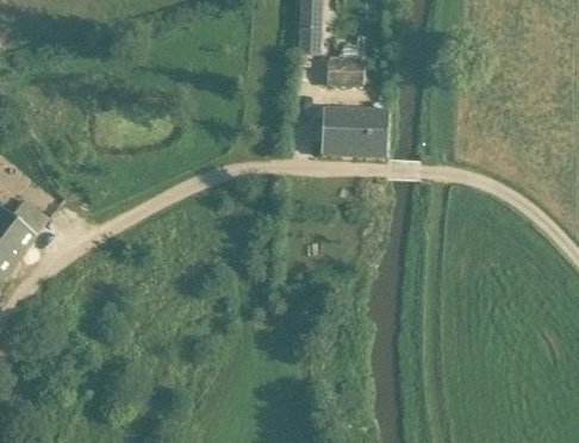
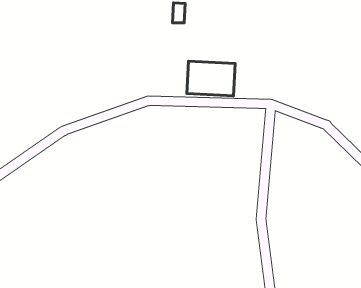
building: [325,43,363,86] -> none

